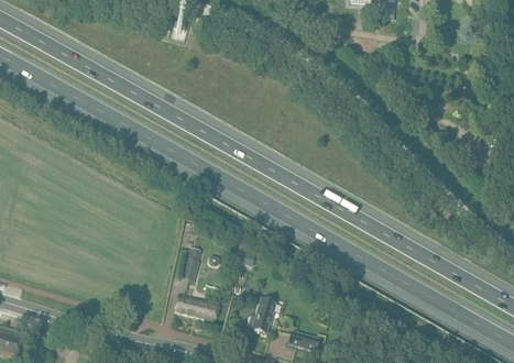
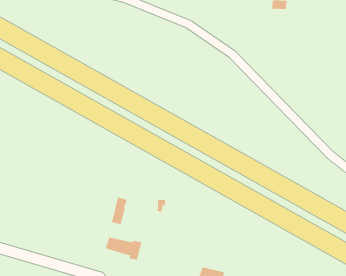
building: [248,298,275,332] -> none

